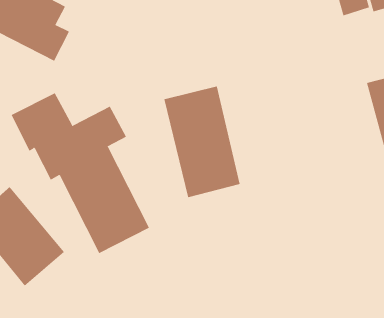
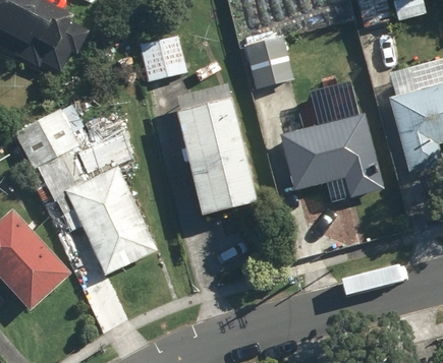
building: none -> [139,34,188,81]
building: none -> [242,34,294,87]
building: none -> [280,97,382,196]

